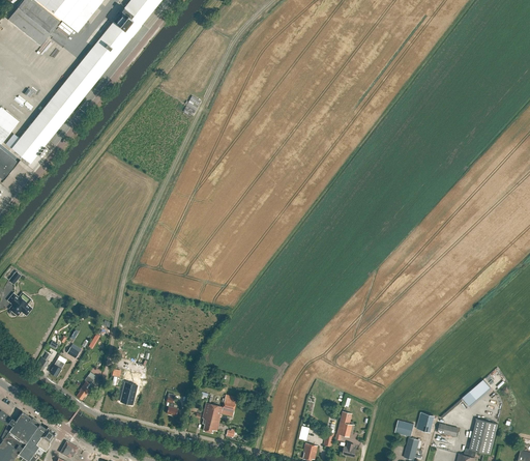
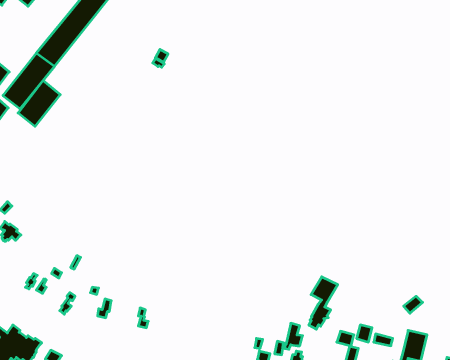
building: none -> [18,81,60,126]
building: none -> [309,277,338,329]
building: [202,394,236,432] -> none

